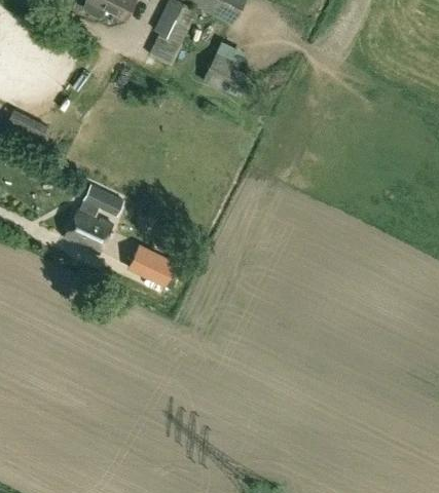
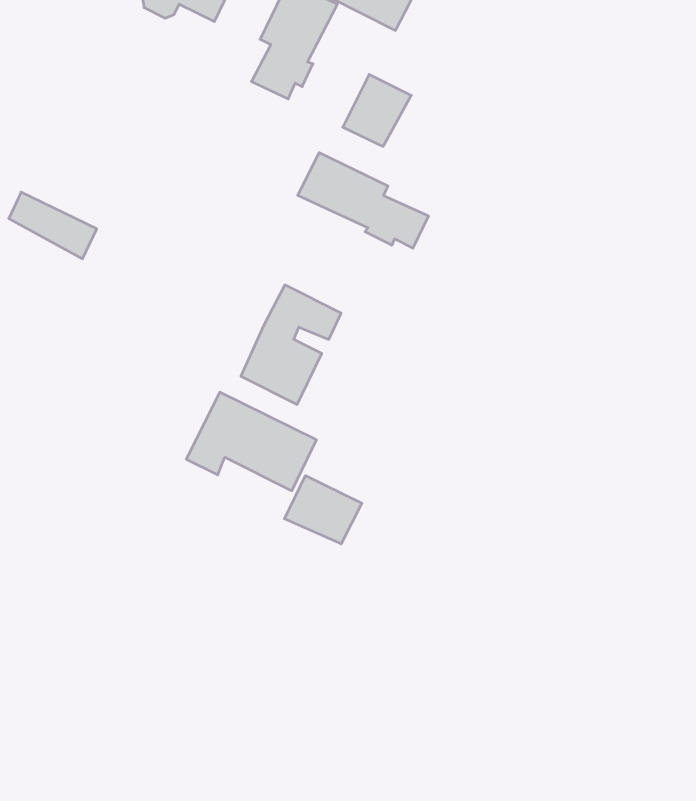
building: none -> [298,153,428,248]
building: [67,181,125,251] -> [241,285,341,404]
building: none -> [284,476,362,544]

